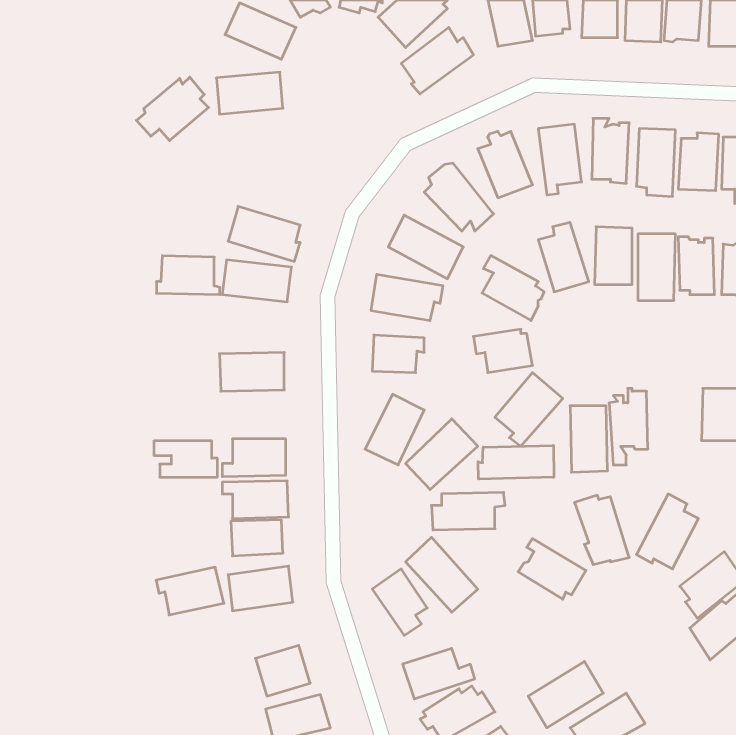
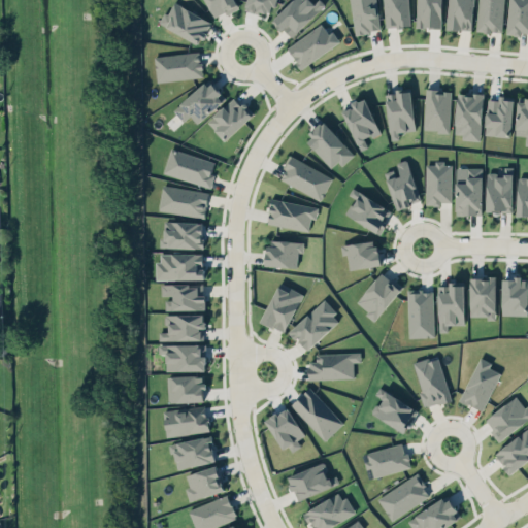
building: [136,77,209,141] -> [173,78,225,124]
building: none -> [208,99,256,142]
building: [156,256,220,295] -> [160,219,205,246]
building: none -> [471,278,497,319]
building: [154,441,217,477] -> [160,282,205,307]
building: [478,445,554,479] -> none
building: [156,567,224,615] -> [169,436,218,470]
building: none -> [363,443,411,480]

